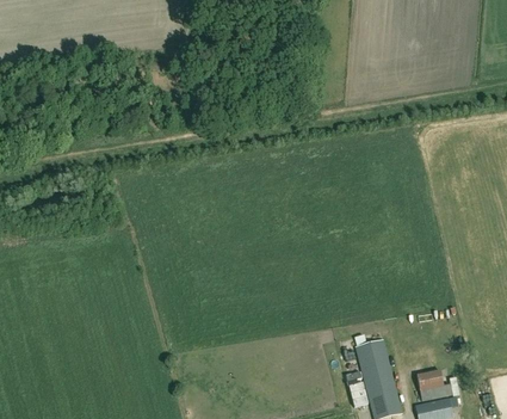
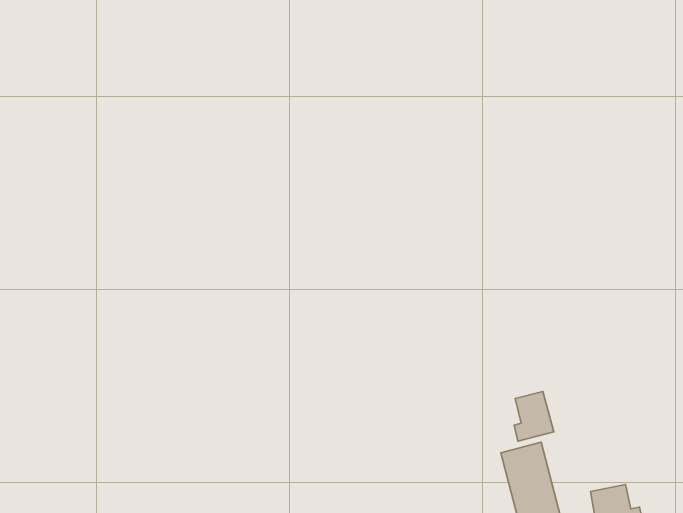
building: none -> [514,391,554,441]

